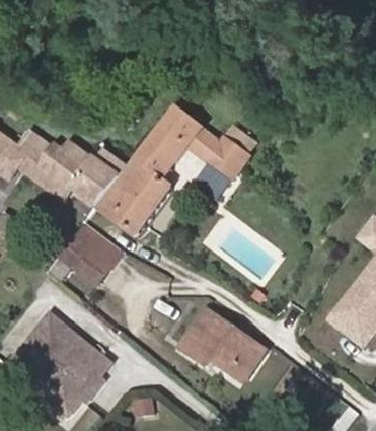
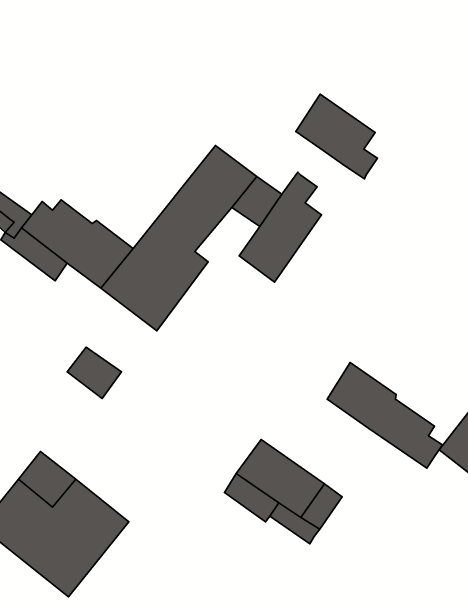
building: none -> [296,94,378,179]
building: [59,221,121,264] -> none
building: none -> [327,362,443,468]

